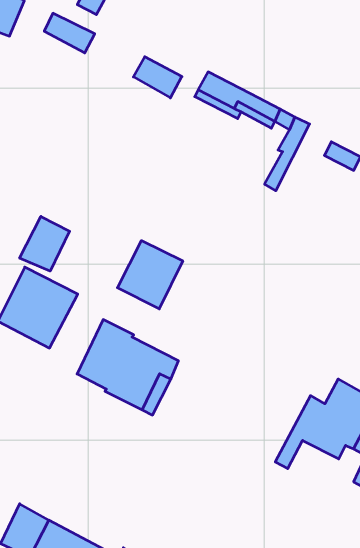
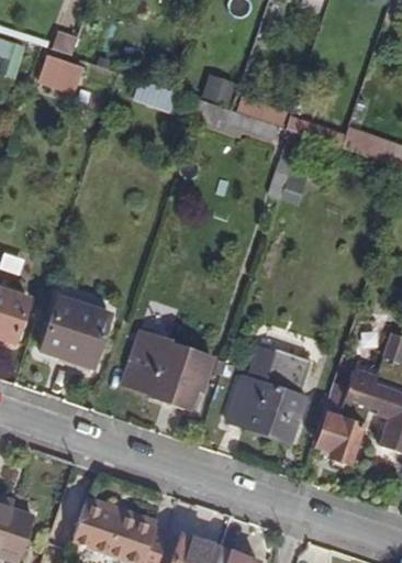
building: [20,216,70,271] -> none
building: [117,241,183,309] -> none
building: none -> [223,343,309,439]
building: none -> [323,412,368,462]

